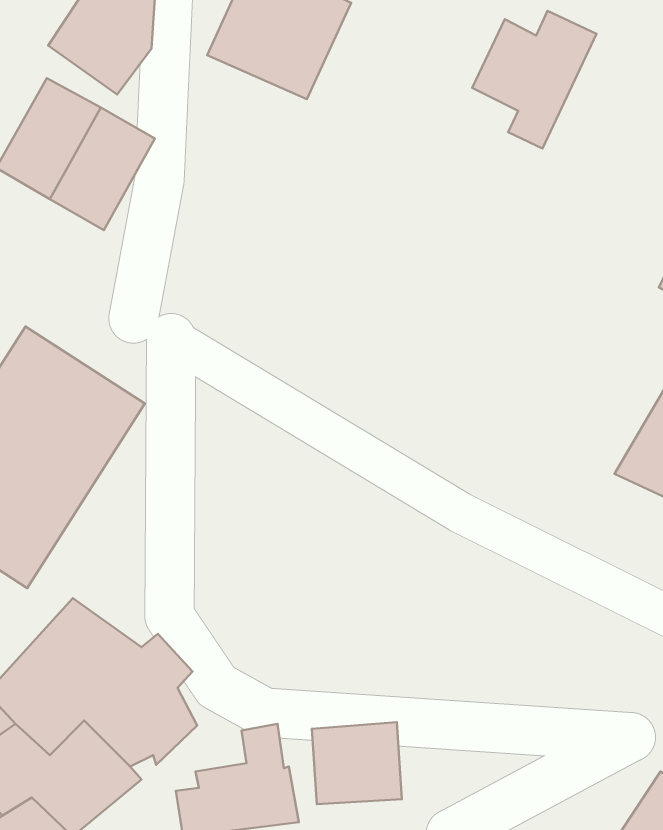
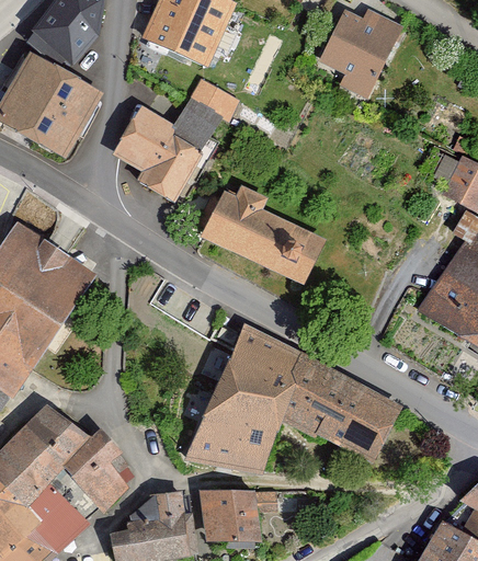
building: none -> [114,79,230,205]
building: none -> [196,191,322,291]
building: none -> [186,323,403,474]

